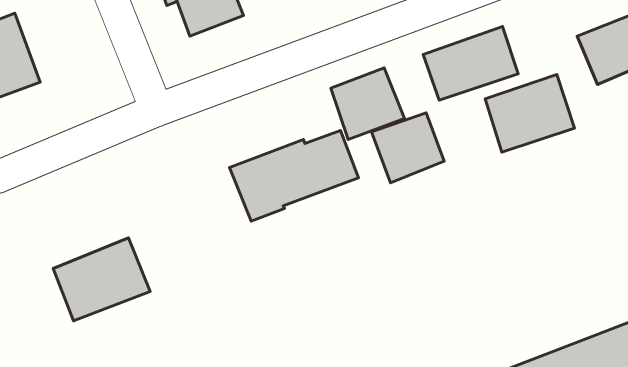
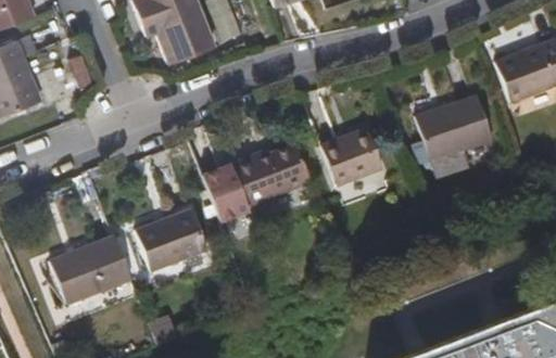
building: [423,27,518,100] -> none
building: [331,68,405,139] -> none
building: none -> [137,209,207,272]

